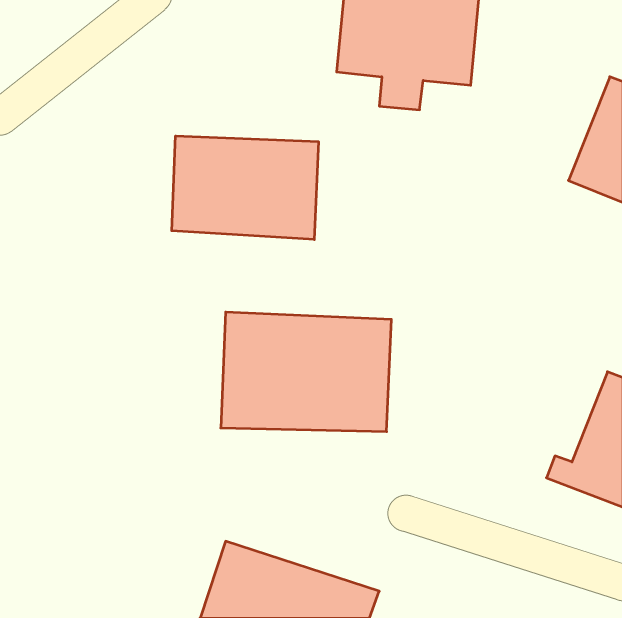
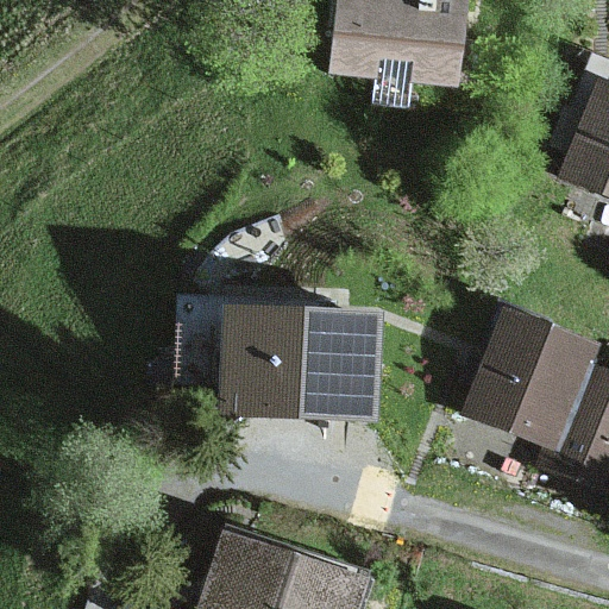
building: [172,136,318,240] -> none
building: none -> [460,303,602,451]

